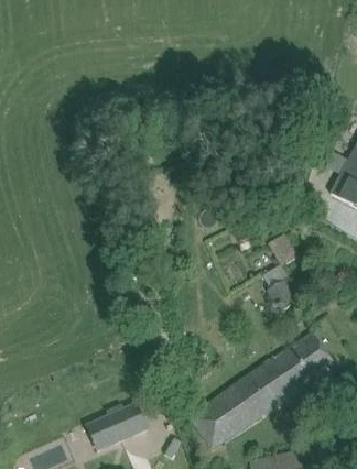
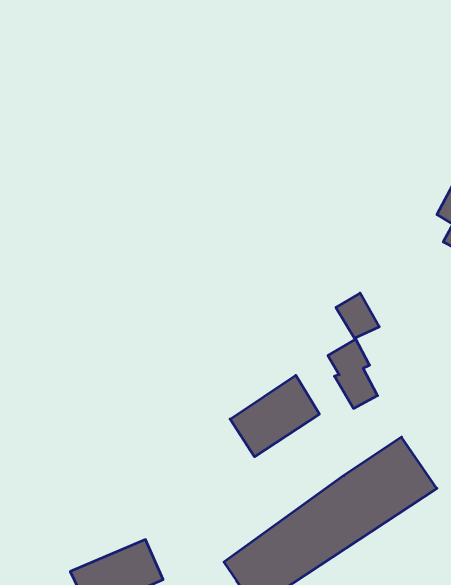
building: none -> [230,375,319,457]

